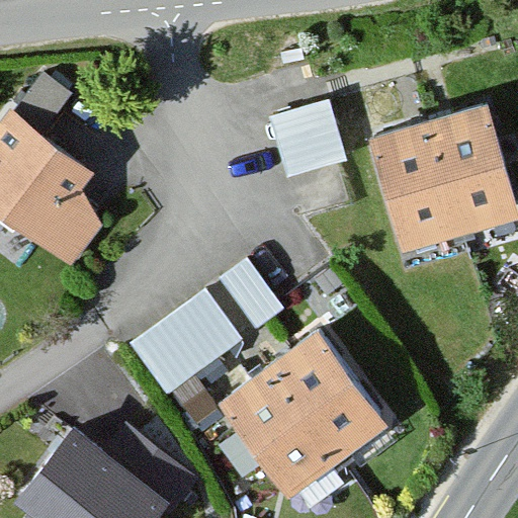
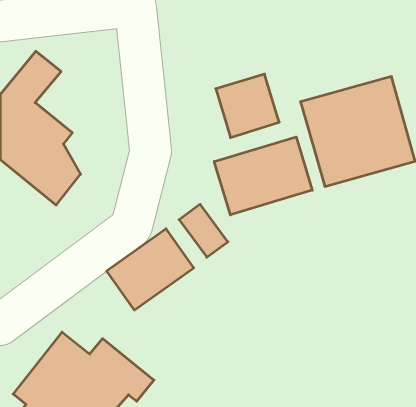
building: none -> [214,137,312,215]
building: [219,326,392,493] -> none

